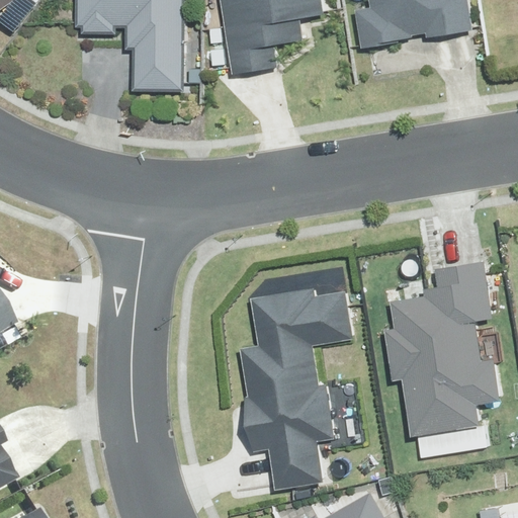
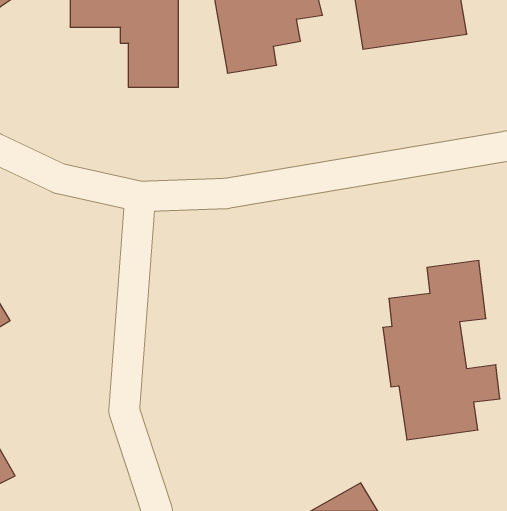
building: [238,286,353,492] -> none

